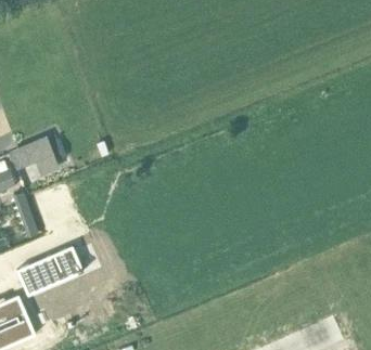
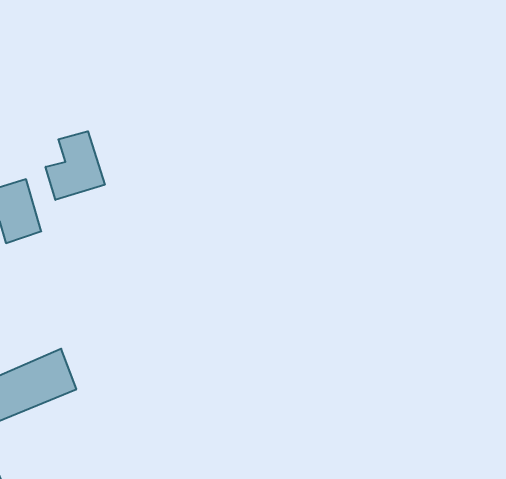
building: none -> [46,131,105,200]

